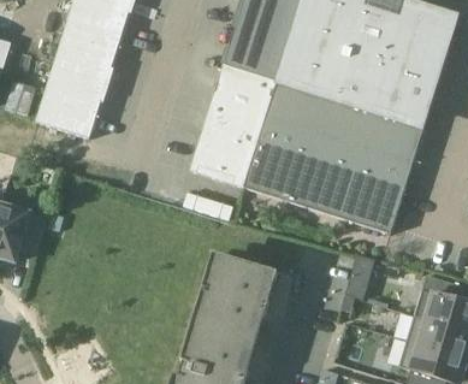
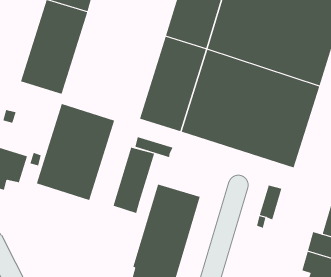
building: none -> [36,103,115,201]
building: none -> [113,147,155,214]

